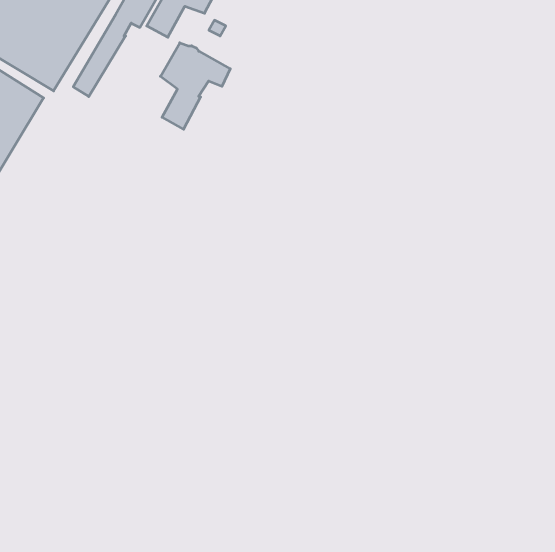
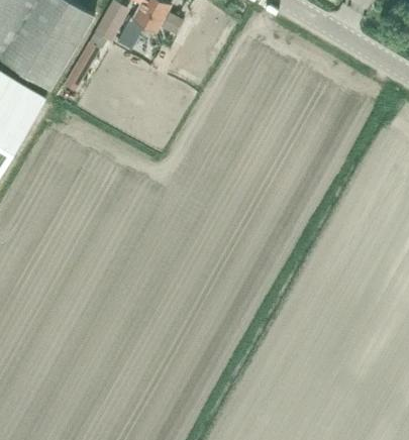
building: [160,43,230,129] -> none

